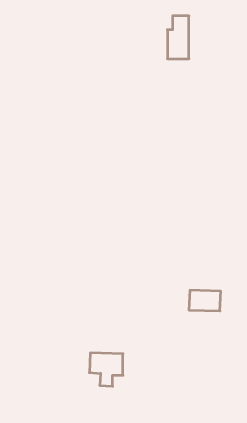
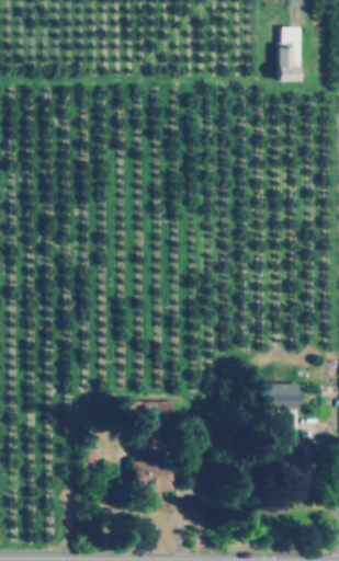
building: [167,16,189,59] -> [275,26,303,81]

